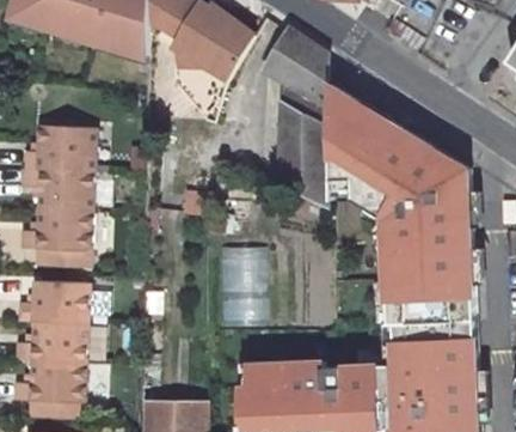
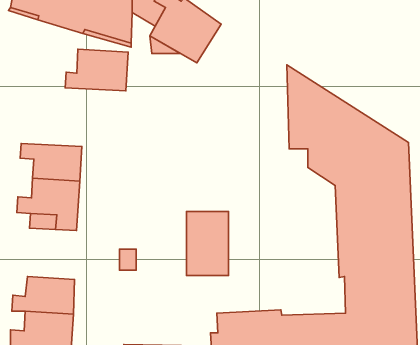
building: [264,29,327,207] -> none
building: [25,126,97,174] -> [65,49,128,91]
building: [17,281,88,325] -> none

